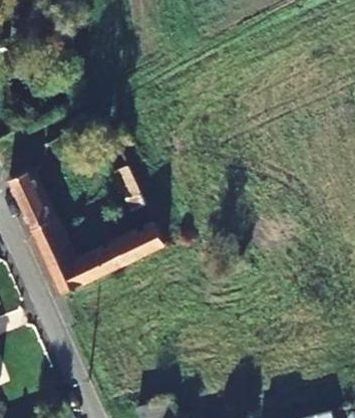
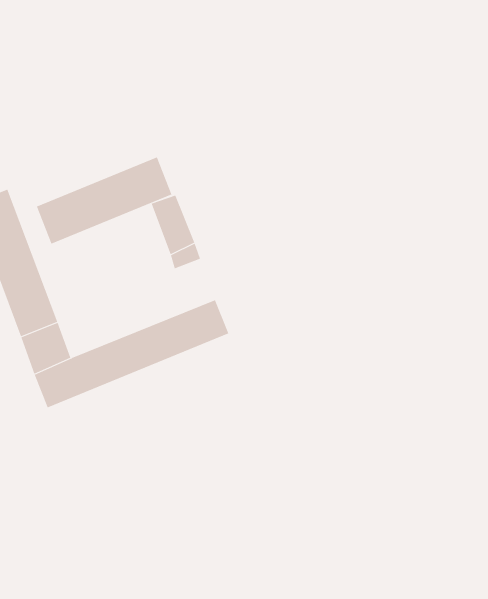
building: none -> [36,156,172,245]

